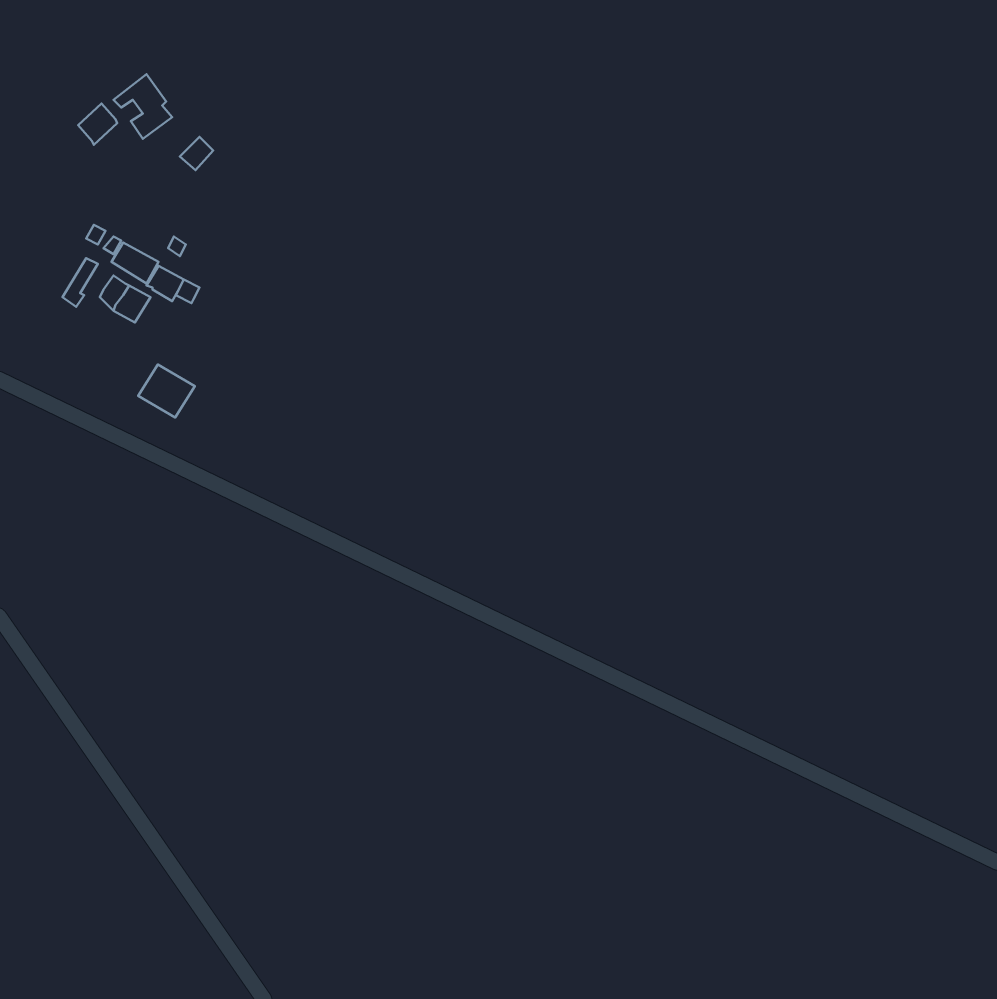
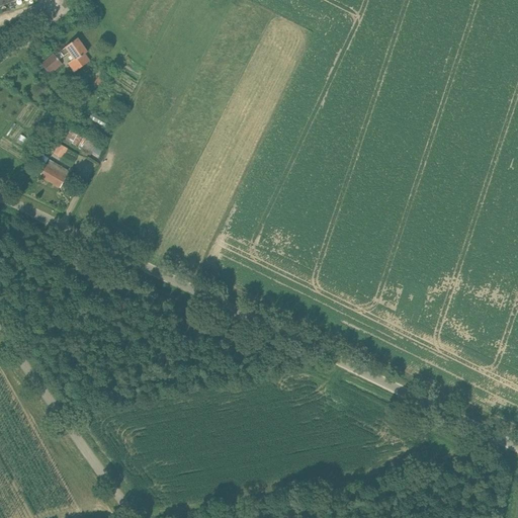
building: [138,365,195,417] -> [39,160,69,187]

